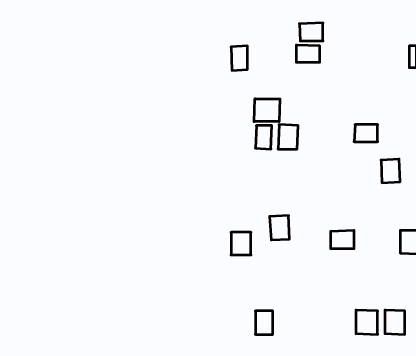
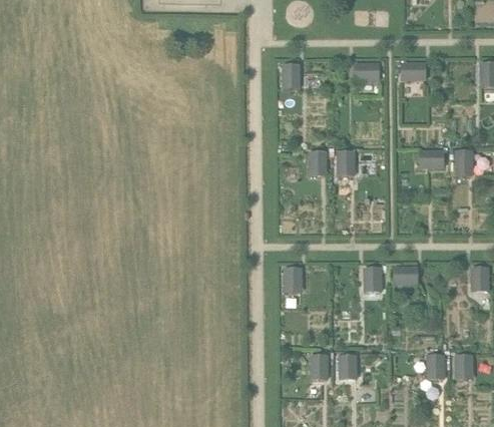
building: [299,23,323,41] -> [400,60,426,80]
building: [254,99,280,122] -> none
building: [381,159,400,183] -> [453,149,474,175]
building: [270,216,289,240] -> [360,267,382,294]
building: none -> [334,356,357,382]

